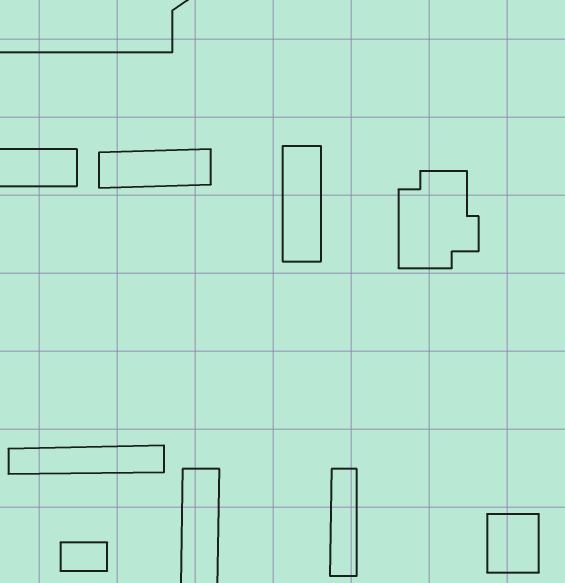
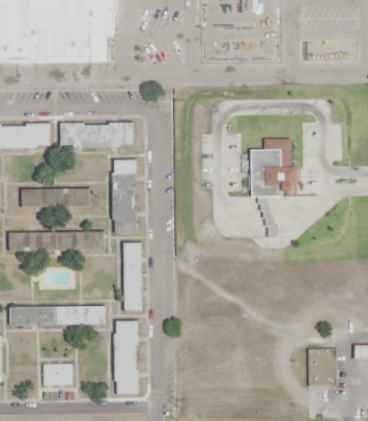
building: [283,146,321,261] -> [112,159,136,230]
building: none -> [20,187,87,206]
building: none -> [9,231,104,251]
building: [330,469,357,576] -> [119,243,136,309]

